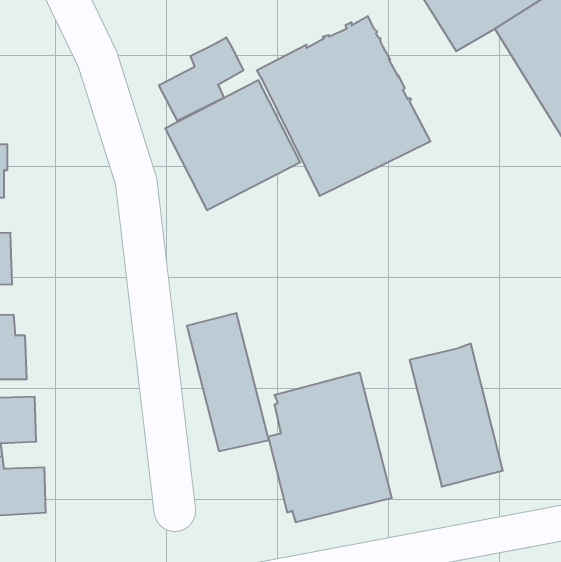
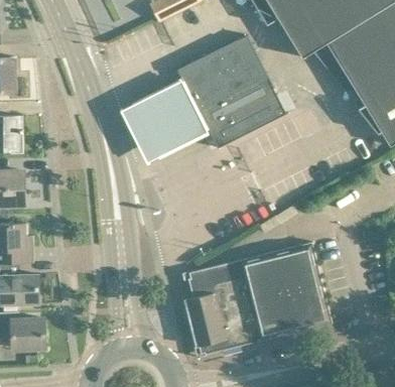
building: [159,37,243,121] -> none
building: [187,313,269,451] -> [242,251,293,338]

